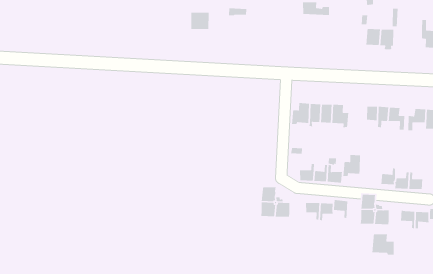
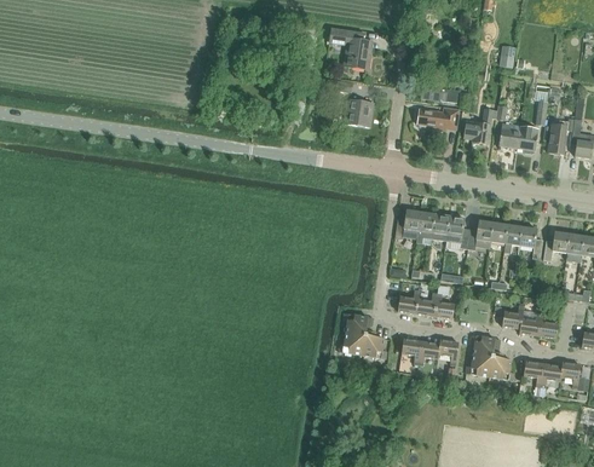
building: [190,12,209,30] -> [346,99,373,125]
building: none -> [465,109,494,143]
building: none -> [419,105,459,128]
building: none -> [548,117,575,154]
building: [342,154,361,177] -> [467,220,494,249]
building: [372,233,395,256] -> none

